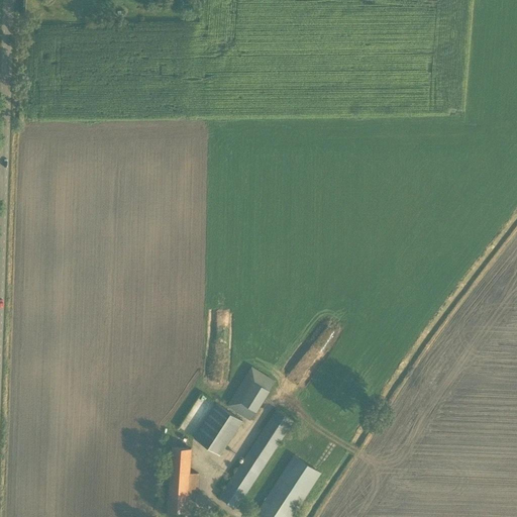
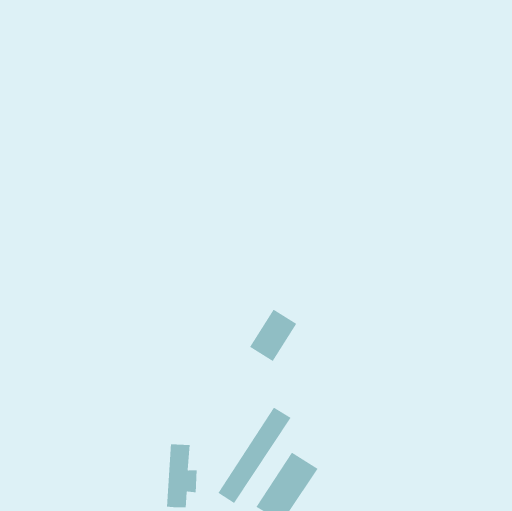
building: [226,367,275,420] -> [249,309,297,362]
building: [194,404,243,456] -> none

